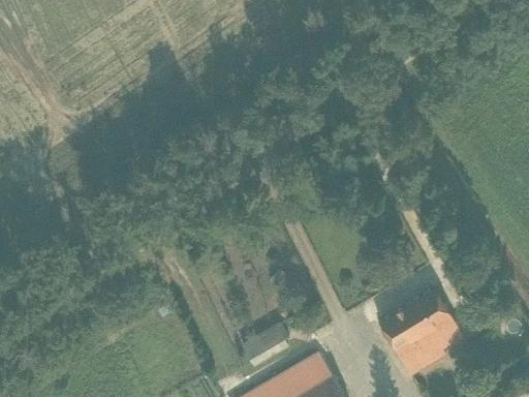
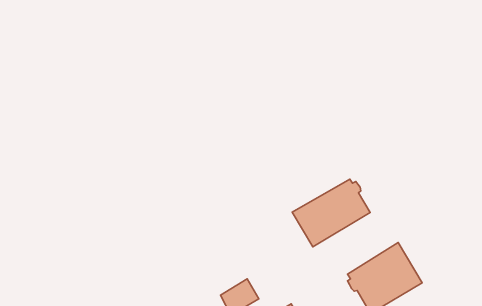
building: none -> [292,179,370,247]

